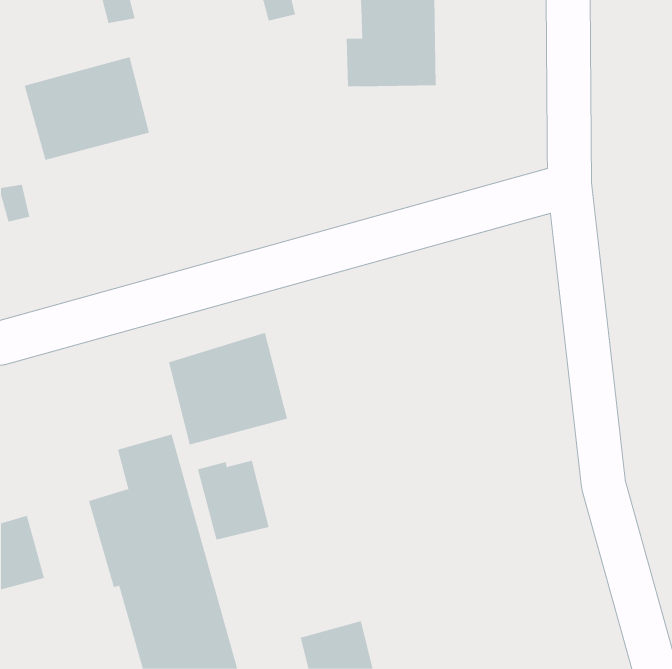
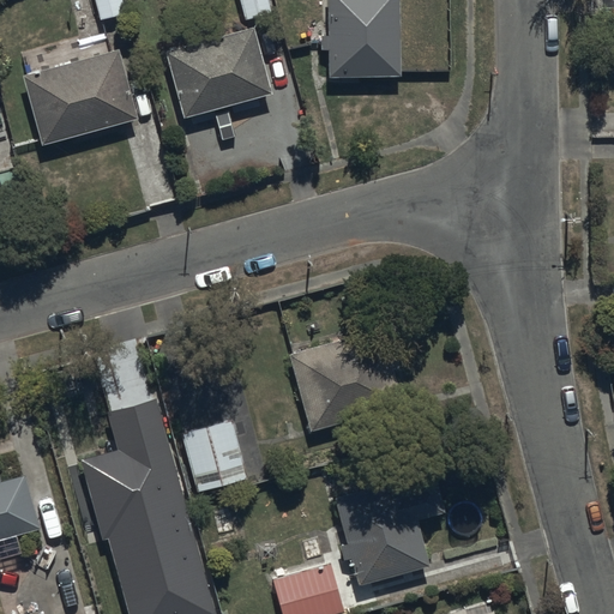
building: none -> [165,29,271,121]
building: [168,332,288,445] -> [290,327,399,431]
building: none -> [336,481,443,584]

